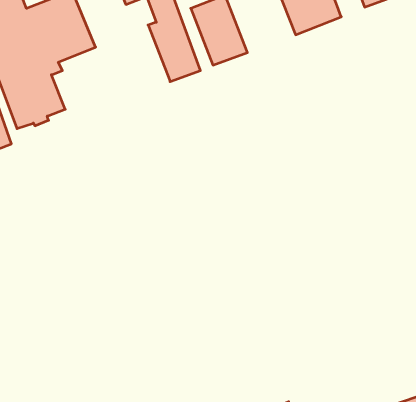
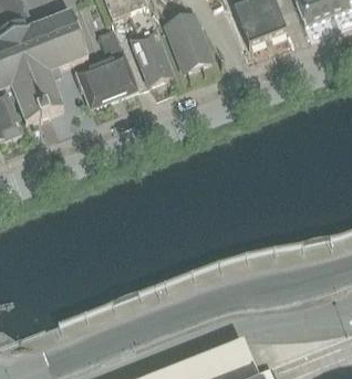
building: none -> [75,31,139,109]

